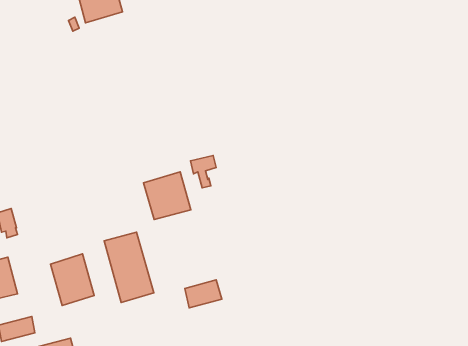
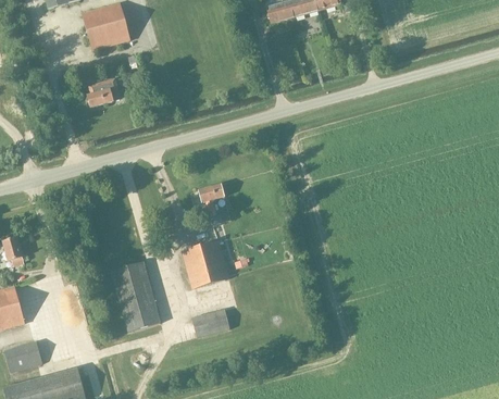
building: none -> [86,78,118,107]
building: [143,172,191,220] -> [182,240,229,288]
building: [51,254,94,306] -> none

